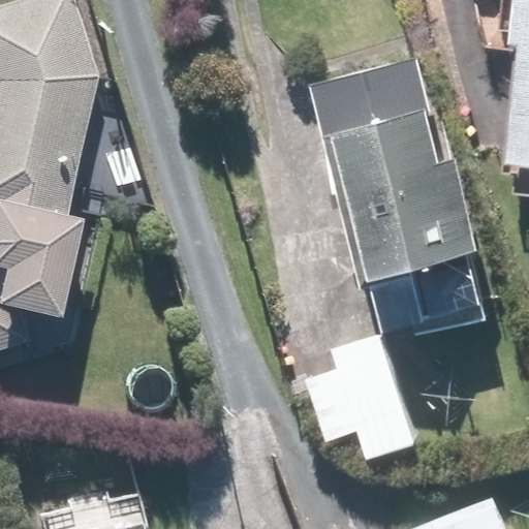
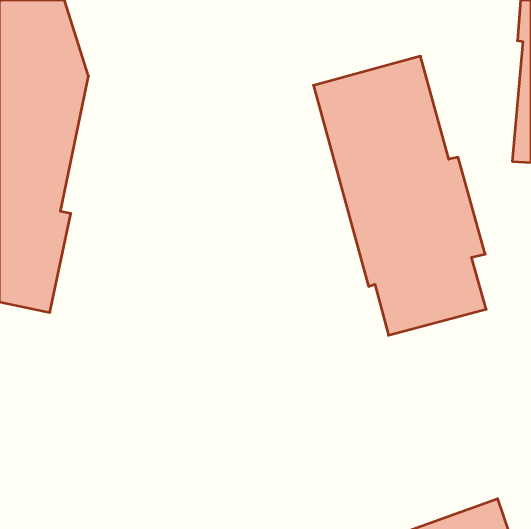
building: [305,333,416,460] -> none

